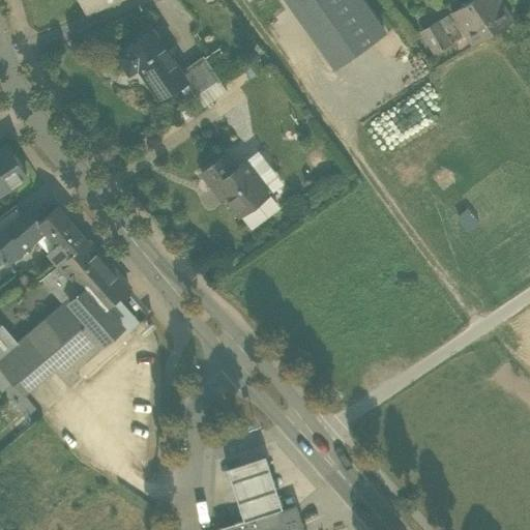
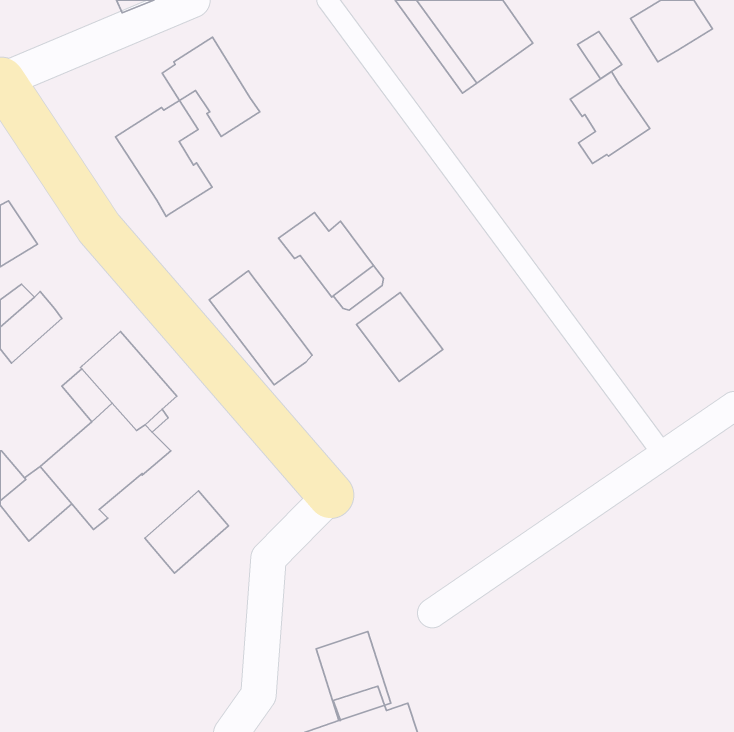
building: none -> [570,71,650,164]
building: [180,56,218,95] -> none
building: none -> [116,100,212,216]
building: none -> [209,271,312,385]
building: [39,207,87,265] -> none
building: none -> [356,292,443,381]
building: none -> [145,491,229,573]

